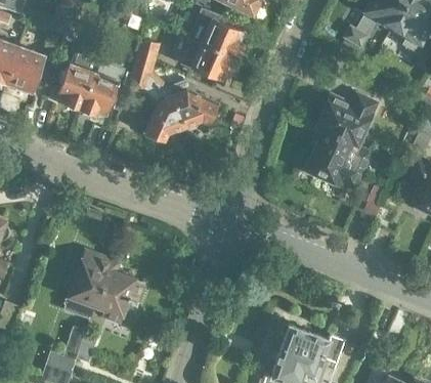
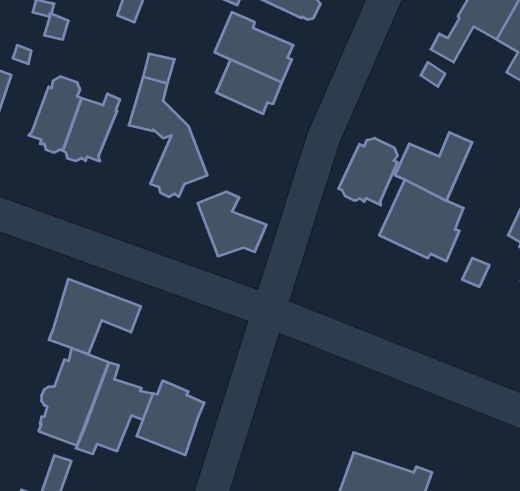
building: [169,80,218,126] -> [198,192,266,256]
building: none -> [338,138,398,205]
building: none -> [49,279,141,354]
building: none -> [137,381,204,455]

